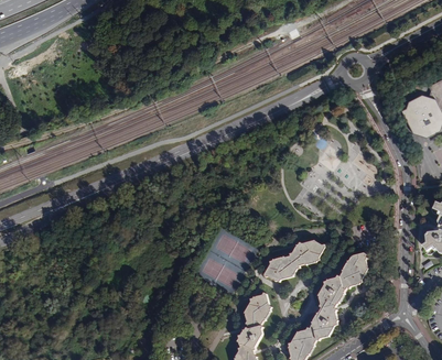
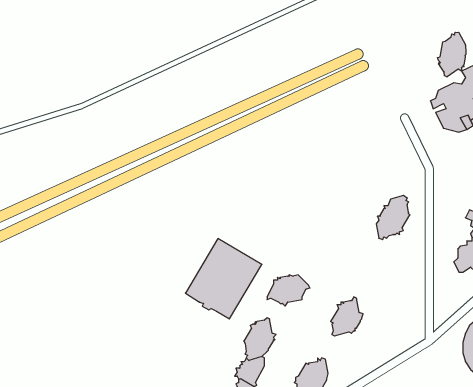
building: none -> [437,32,466,77]
building: [289,239,325,264] -> none
building: [339,251,368,288] -> [376,195,410,240]
building: [310,305,337,340] -> none

